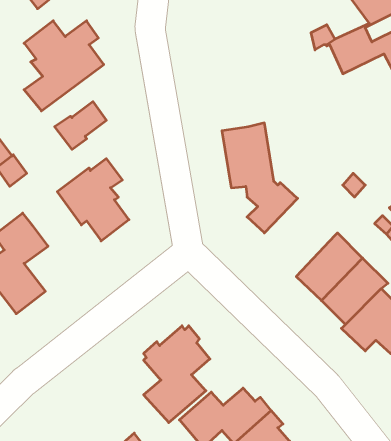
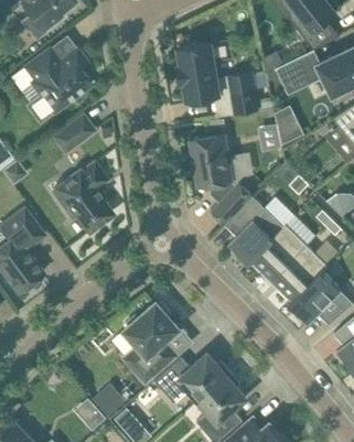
building: none -> [176,43,258,116]
building: none -> [259,106,301,148]
building: none -> [224,196,282,265]

